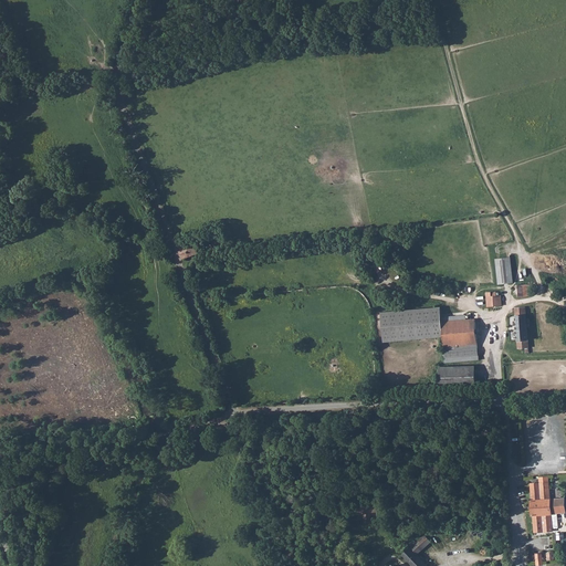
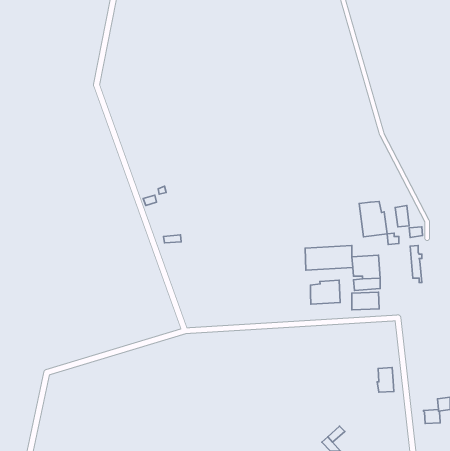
building: none -> [359,201,387,237]
building: none -> [310,280,340,304]
building: [527,483,548,514] -> [377,368,394,392]

